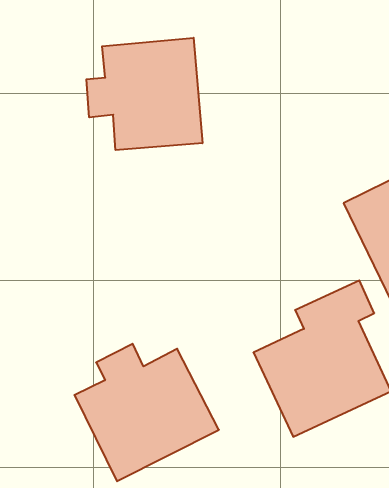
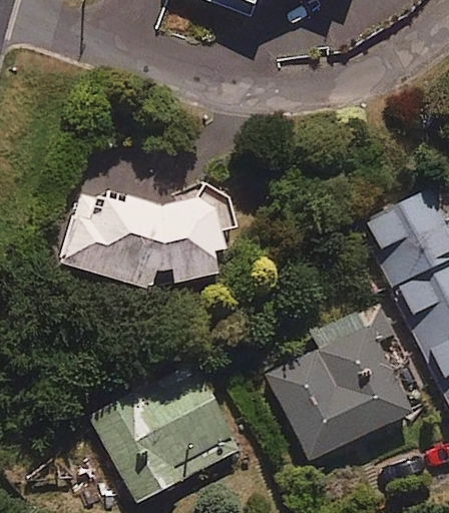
building: [86,38,202,150] -> none
building: none -> [59,183,233,293]

